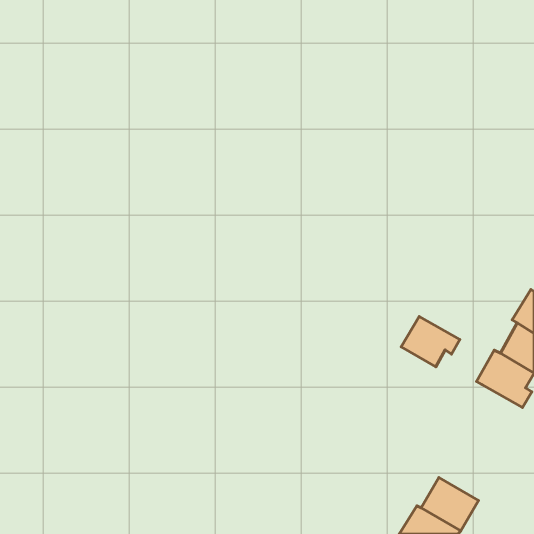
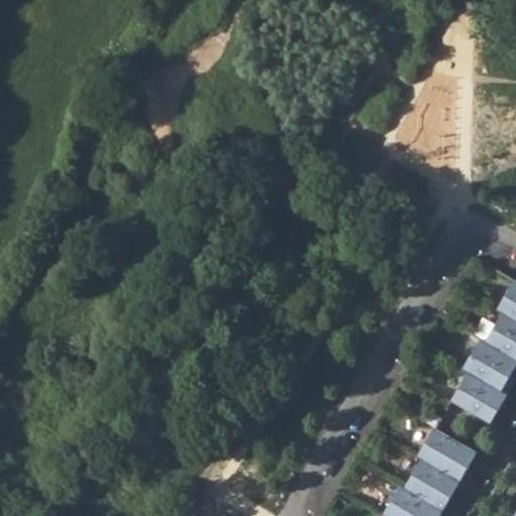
building: [401,317,460,367] -> [447,371,504,419]
building: none -> [419,429,479,483]

